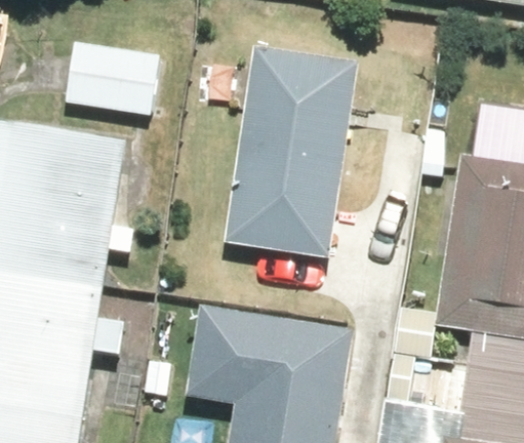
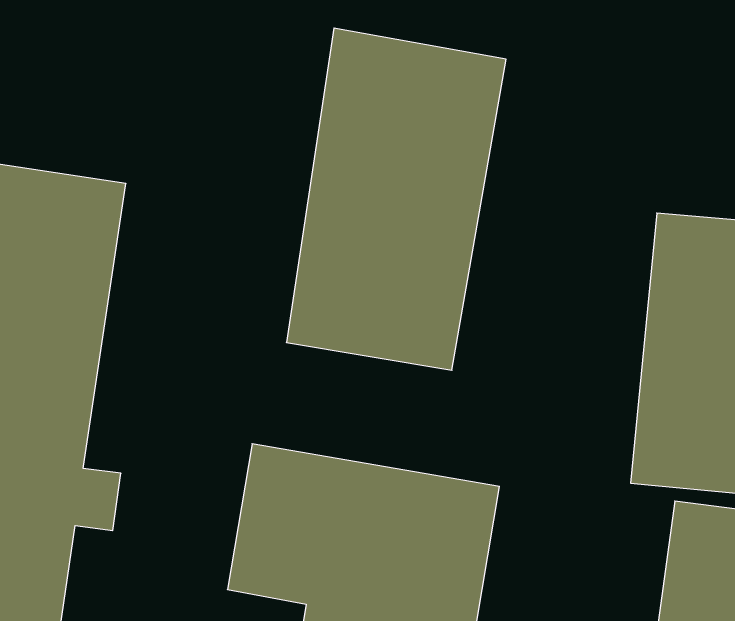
building: [65,40,167,113] -> none

